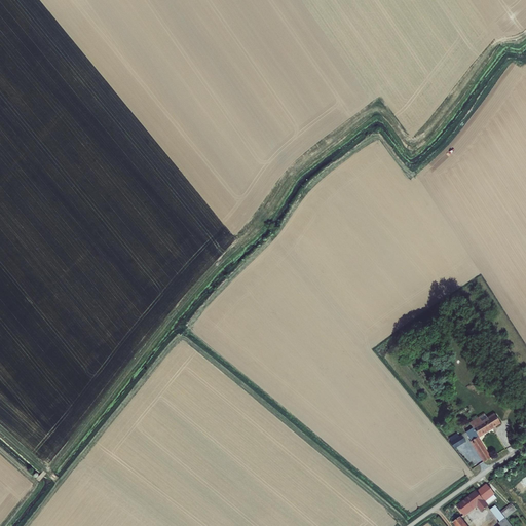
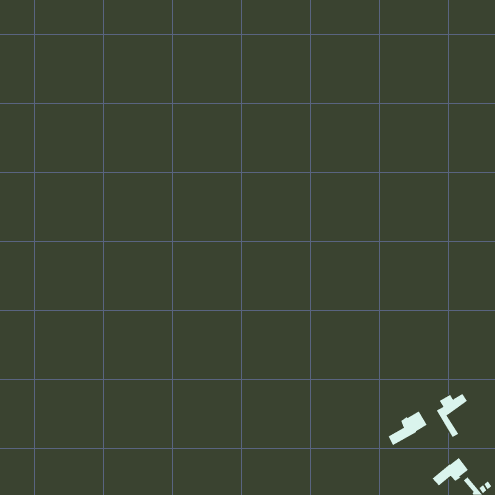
building: none -> [388,411,428,446]

